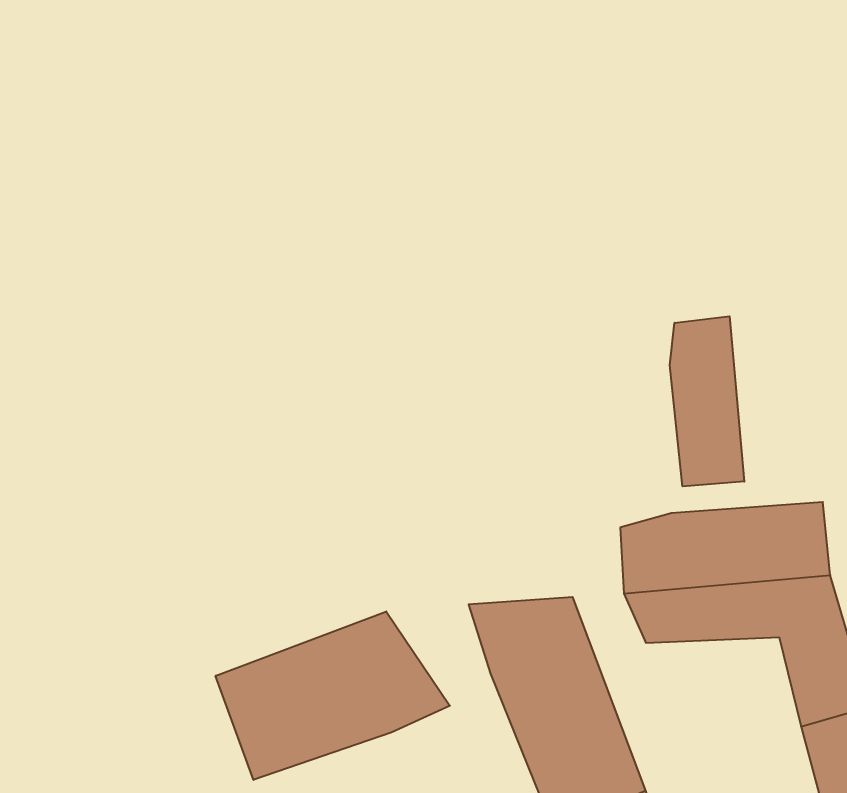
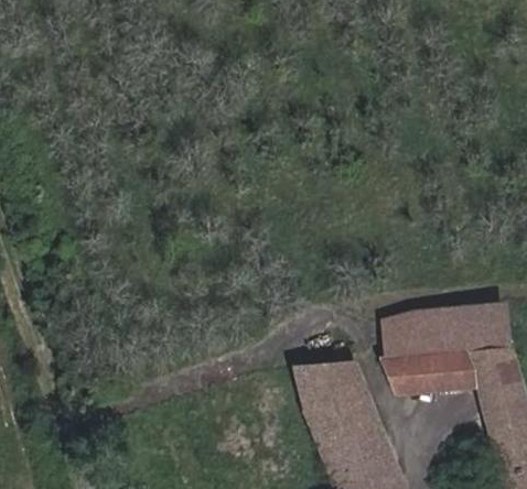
building: [670,316,744,486] -> none
building: [216,611,450,780] -> none

